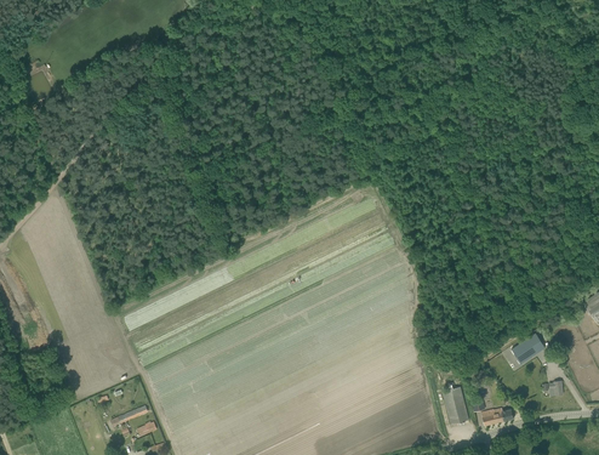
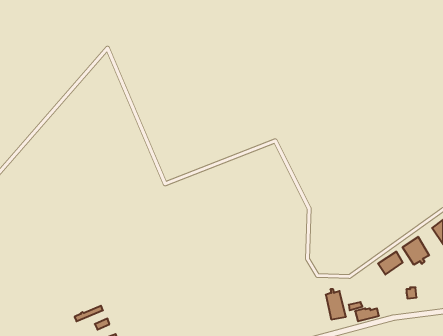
building: none -> [403,237,429,265]

